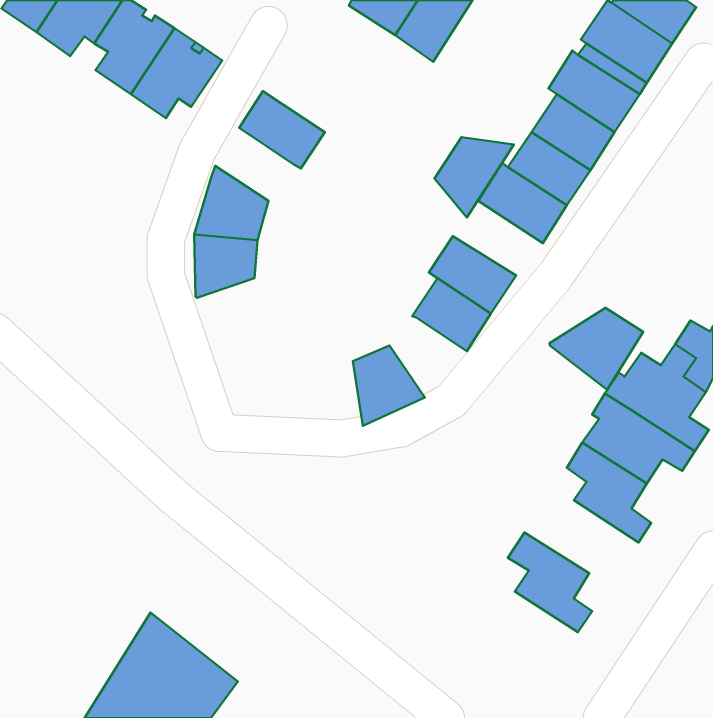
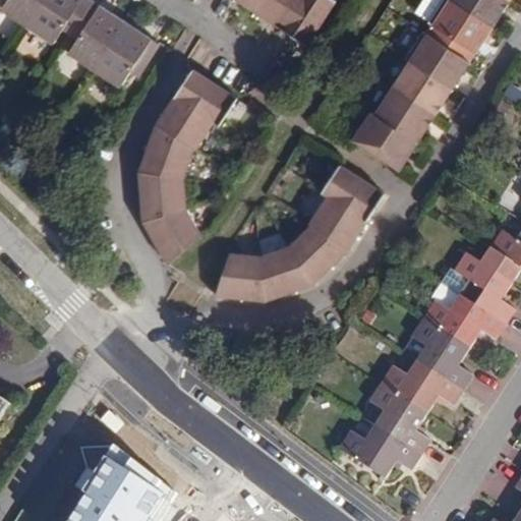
building: none -> [156,93,213,146]
building: [435,137,514,218] -> none
building: none -> [142,201,198,254]
building: [549,308,643,390] -> none
building: none -> [282,230,338,288]
building: none -> [215,262,263,308]
building: none -> [380,362,462,415]
building: none -> [337,428,418,482]

